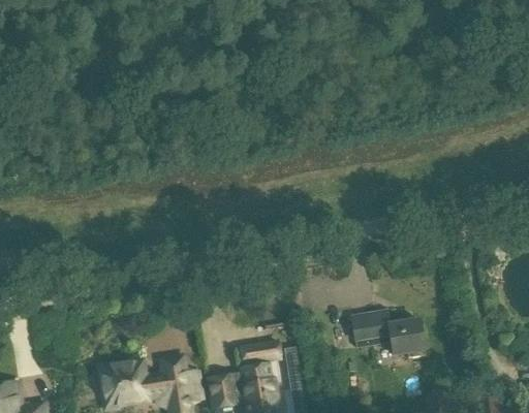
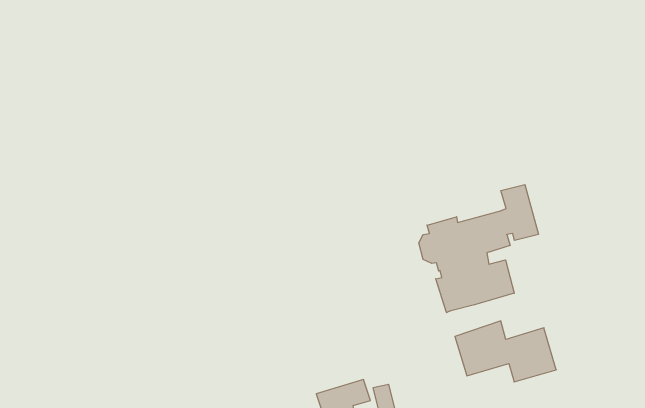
building: none -> [419,185,538,313]

